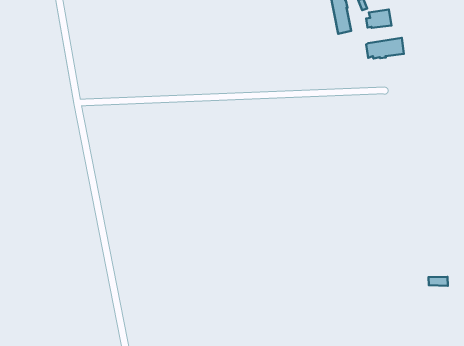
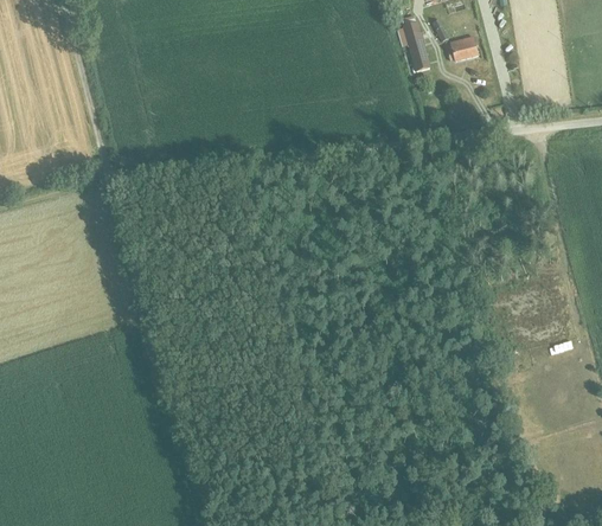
building: [366,38,404,58] -> none

